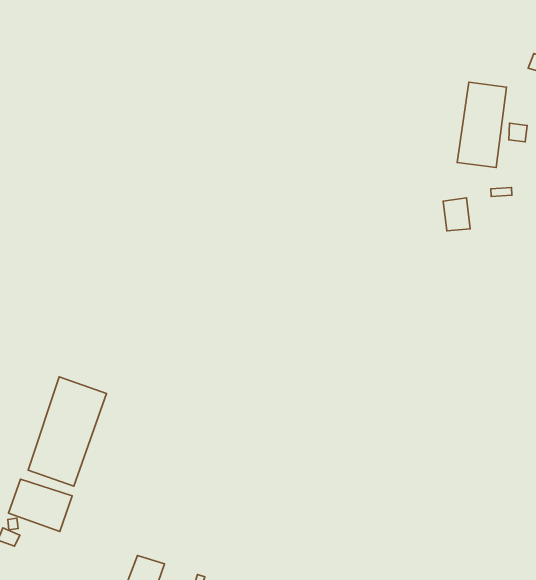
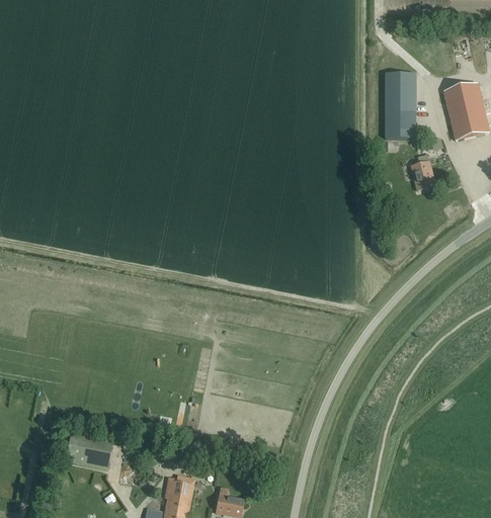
building: [443,198,470,231] -> [410,160,434,188]
building: [28,377,106,486] -> none

